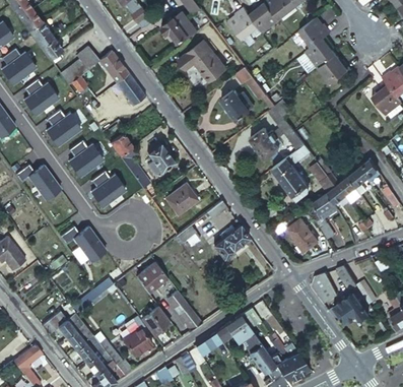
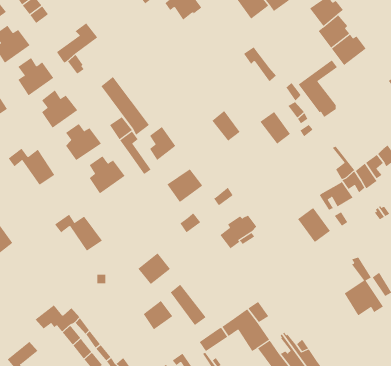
building: [172,46,219,87] -> none
building: [98,51,145,107] -> [100,76,150,136]
building: [221,90,249,120] -> [211,110,241,141]
building: [273,146,311,201] -> [298,60,338,118]
building: [310,273,337,302] -> none
building: [122,318,151,358] -> none

